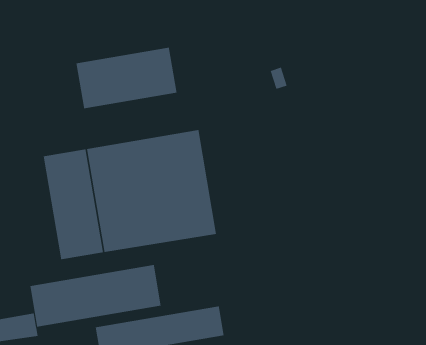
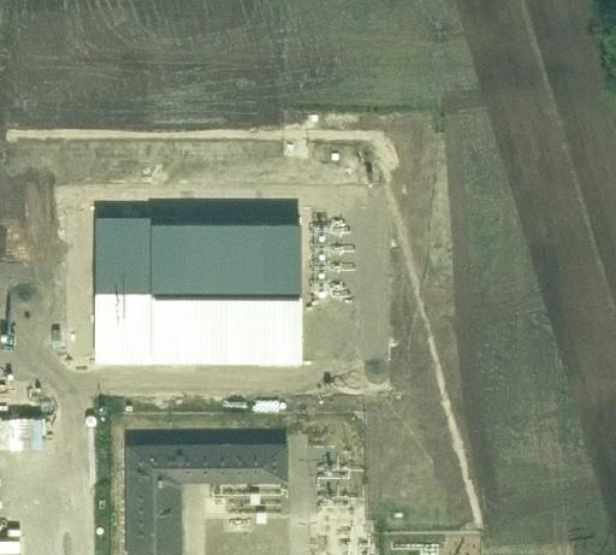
building: [76,47,177,109] -> none
building: [30,264,161,327] -> none

